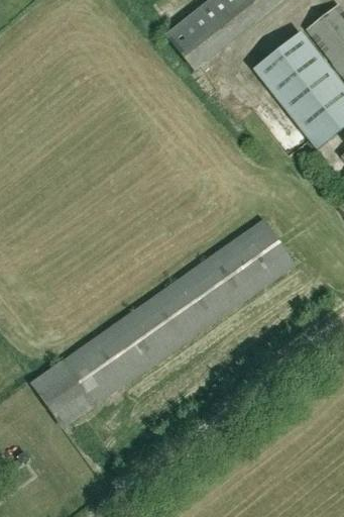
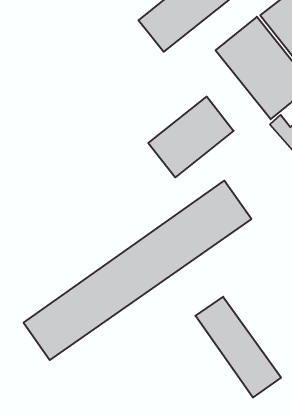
building: none -> [148,97,234,177]
building: none -> [195,297,281,398]

